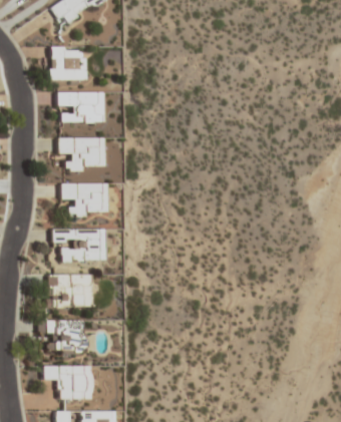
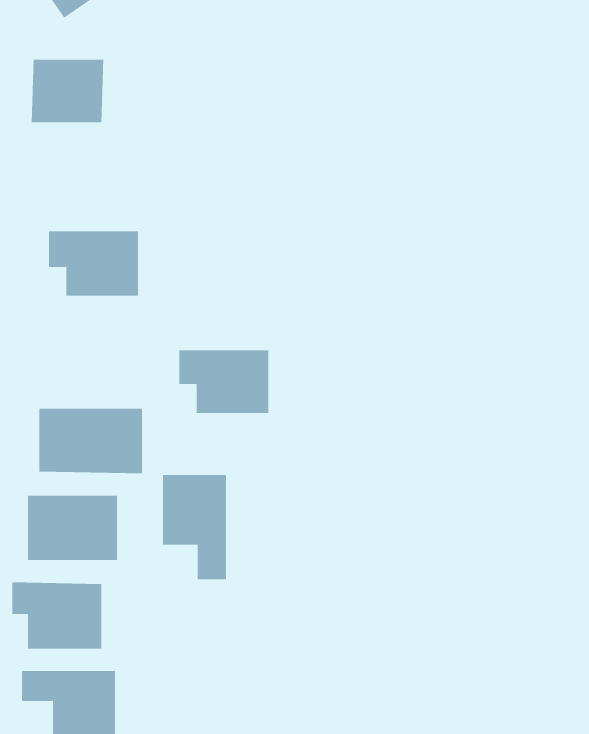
building: [56,91,104,123] -> none
building: [60,182,107,216] -> [178,350,269,413]
building: none -> [162,474,226,580]

